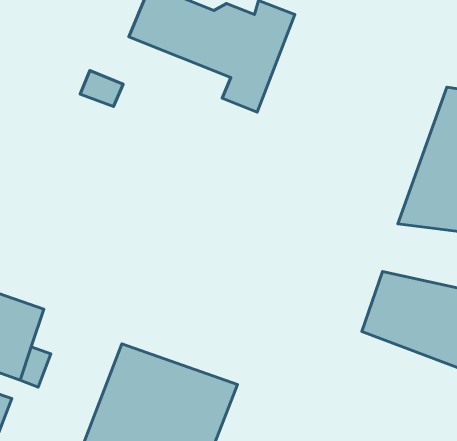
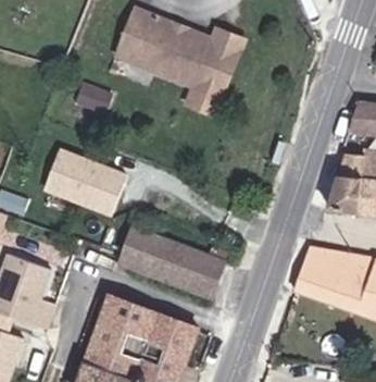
building: none -> [42,143,129,214]
building: none -> [118,232,223,303]

